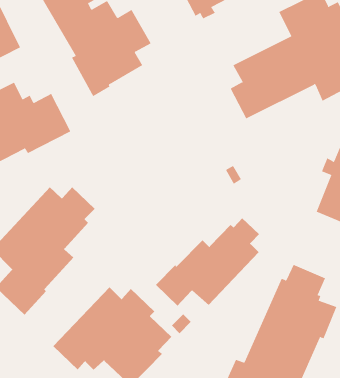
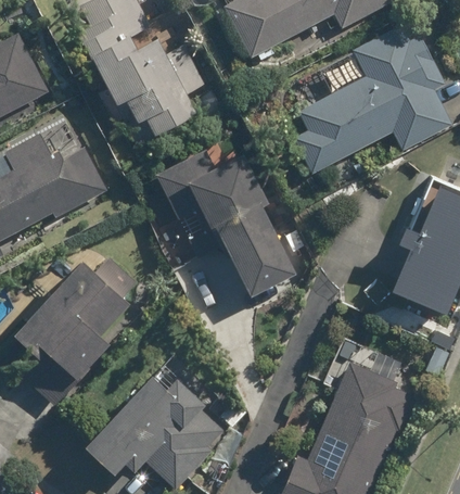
building: none -> [154,151,292,293]
building: [155,217,260,306] -> none

